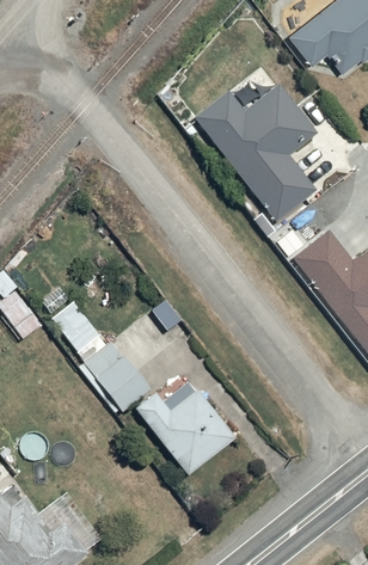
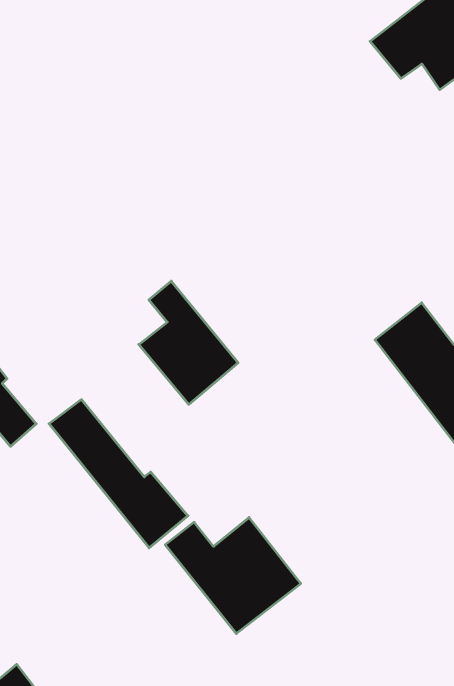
building: [194,85,317,222] -> none
building: none -> [139,281,238,404]

